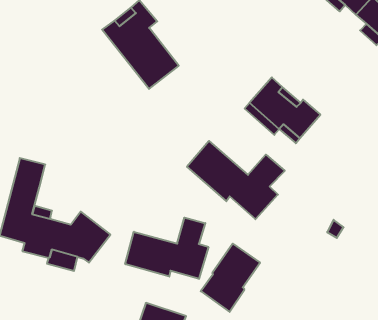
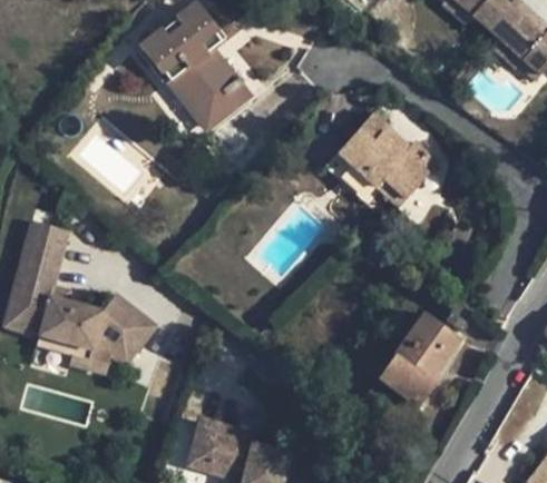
building: [187,141,285,219] -> none
building: [125,218,208,279] -> none
building: [201,244,260,312] -> [379,314,459,406]

